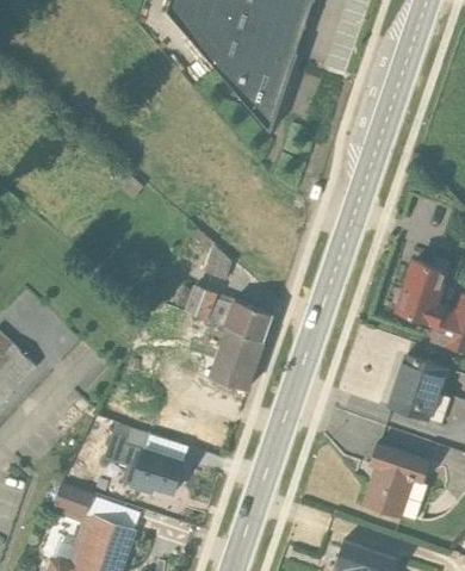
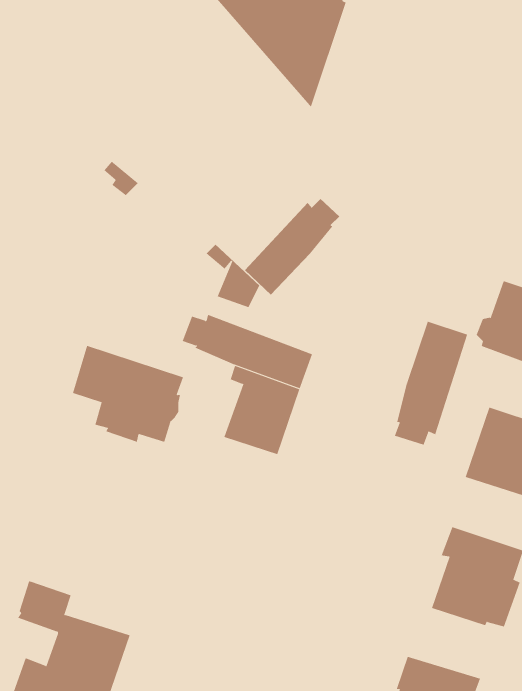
building: none -> [244,198,340,295]
building: none -> [394,321,468,446]
building: [105,423,188,496] -> [72,345,184,443]

